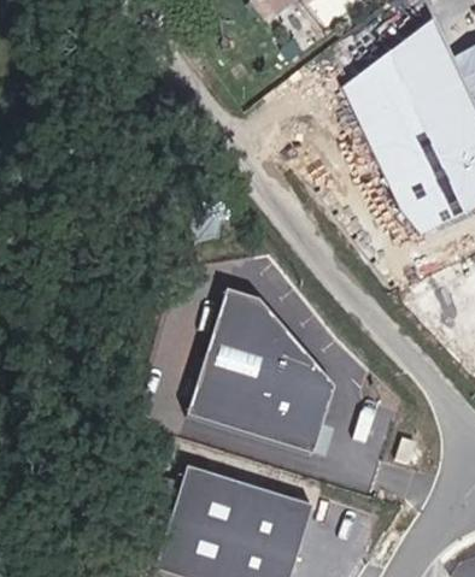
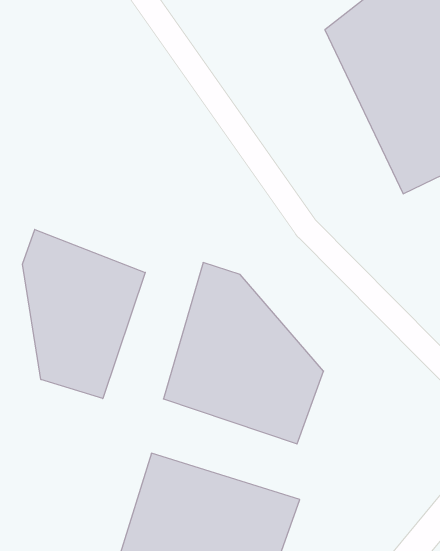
building: none -> [23,229,145,399]

